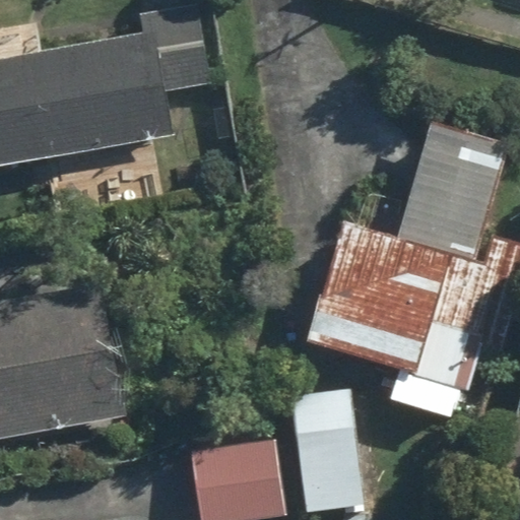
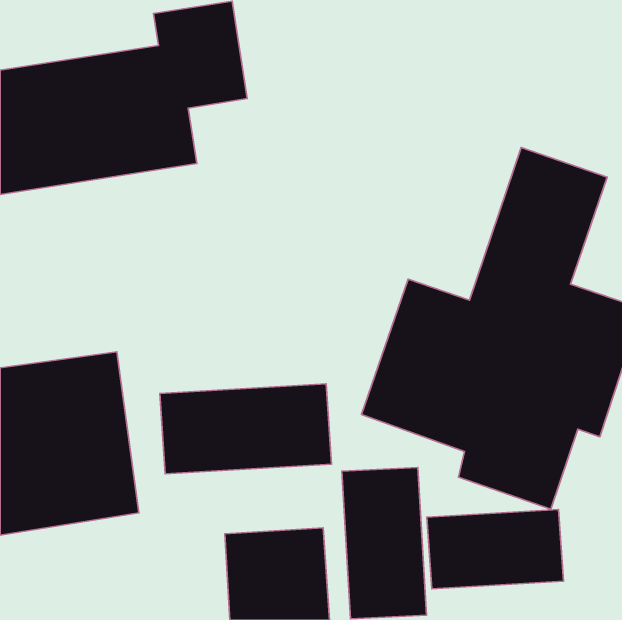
building: none -> [160,384,332,474]
building: none -> [427,510,563,589]

